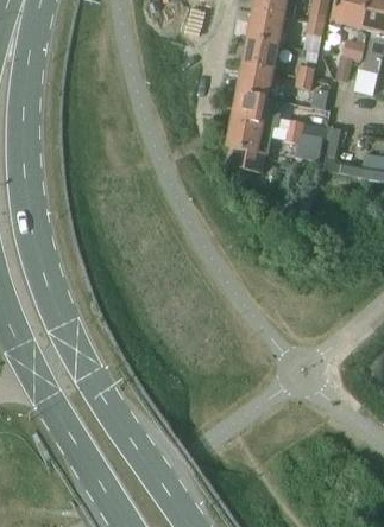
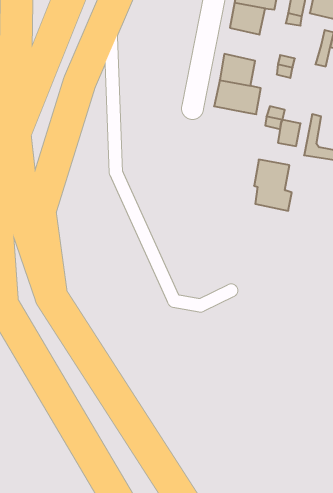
building: [243,36,279,70] -> none
building: [227,118,266,171] -> [254,160,292,211]

